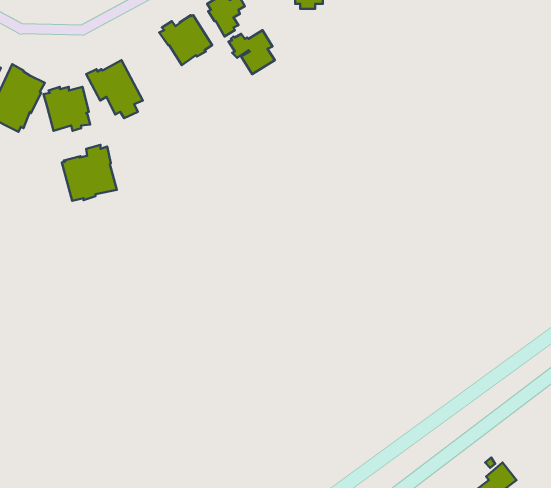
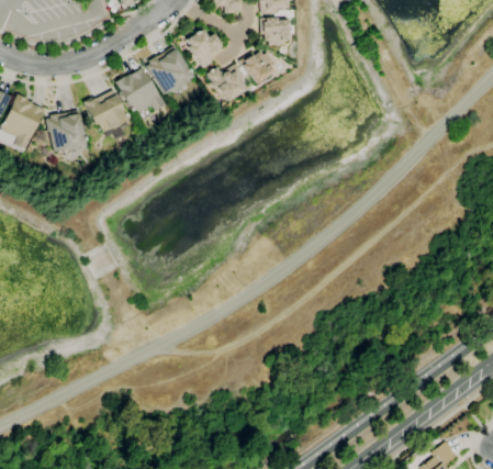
building: none -> [239,52,273,83]
building: none -> [115,67,165,118]
building: [62,145,117,201] -> none

